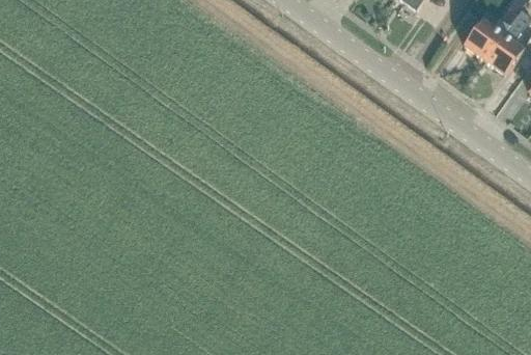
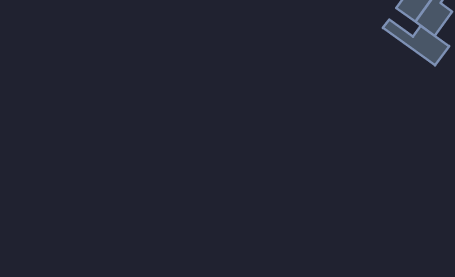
building: none -> [383,20,449,65]

